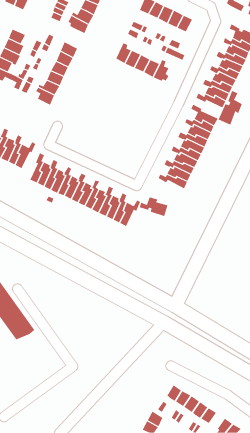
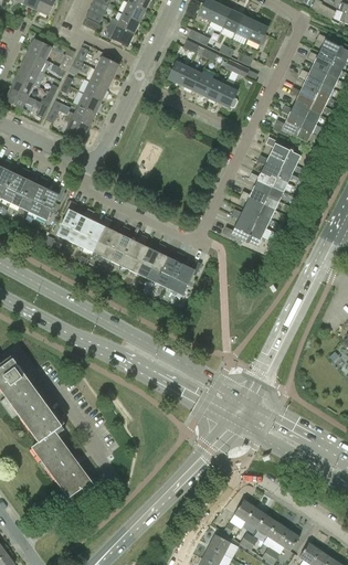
building: [218,90,243,125] -> none
building: [139,197,168,217] -> none
building: none -> [32,435,95,499]

